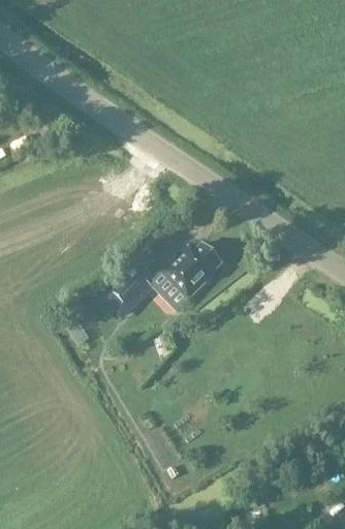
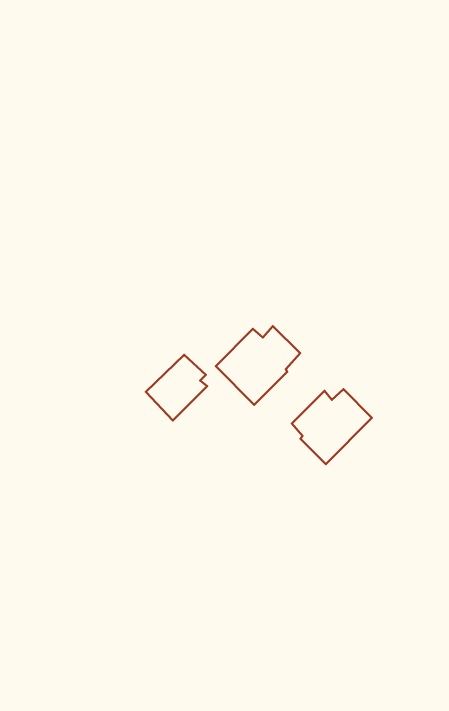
building: none -> [292,389,372,464]

